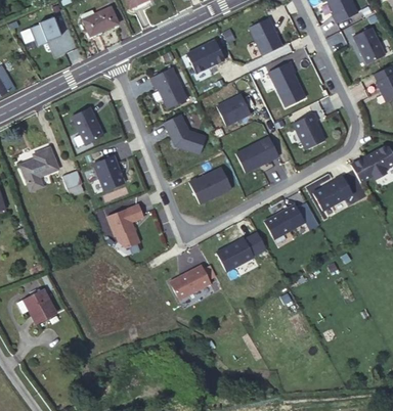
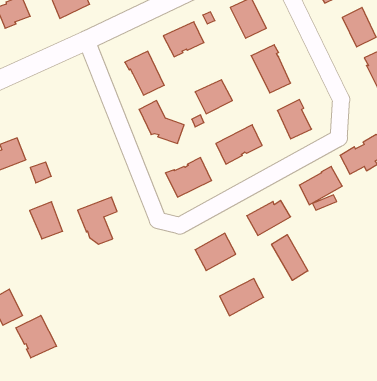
building: [72,107,103,144] -> none
building: [93,155,124,190] -> [30,202,63,239]
building: none -> [272,235,308,280]
building: [170,266,211,301] -> [220,279,264,316]
building: none -> [16,315,57,358]

